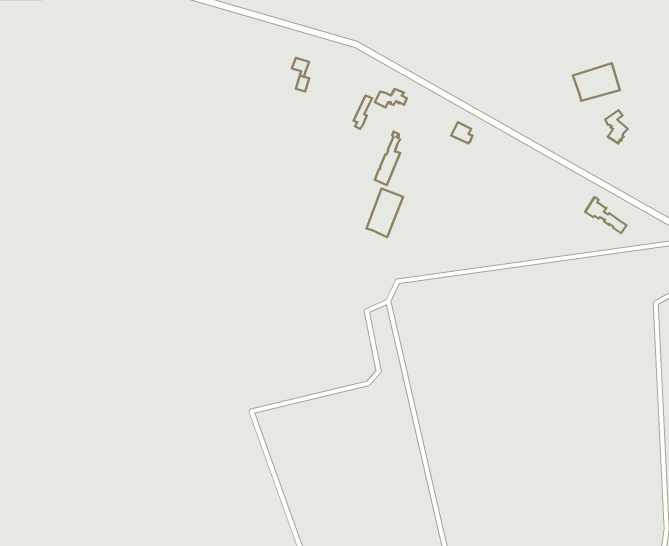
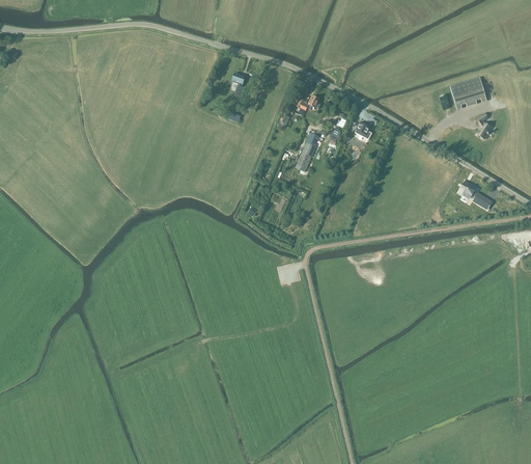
building: [367,188,403,237] -> none

